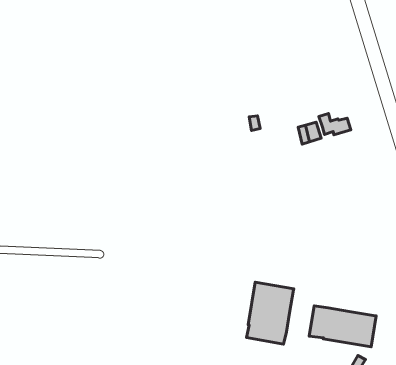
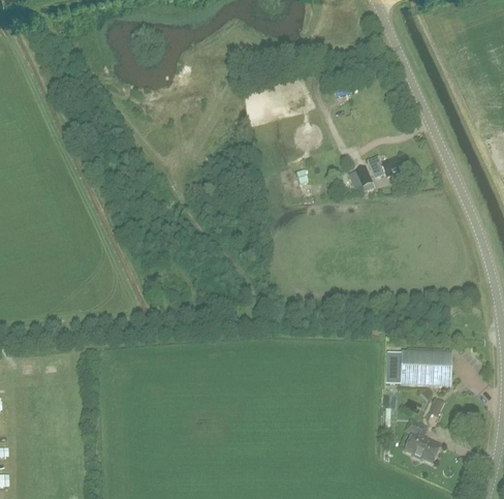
building: [246,282,294,344] -> none

